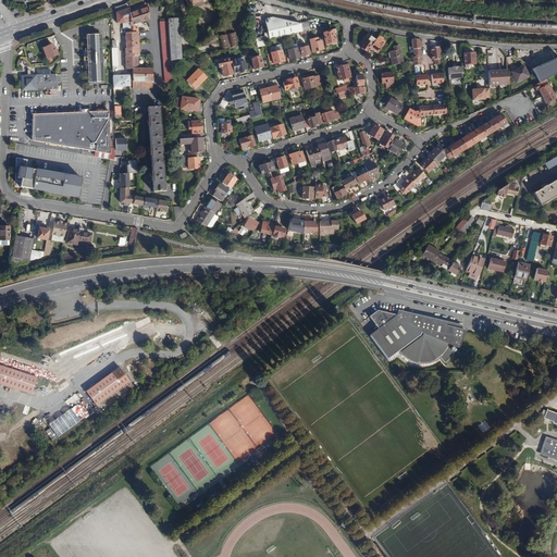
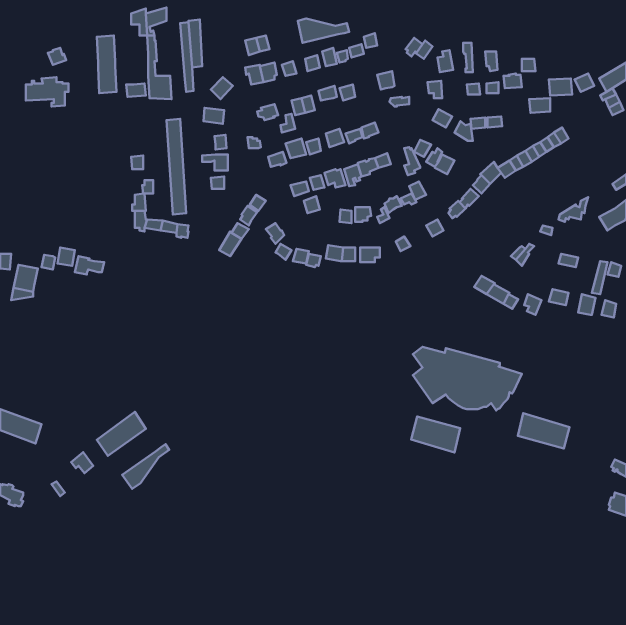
building: [33,109,110,153] -> none
building: [15,157,81,197] -> none
building: none -> [518,413,570,448]
building: none -> [411,416,460,453]
building: none -> [122,444,169,489]

